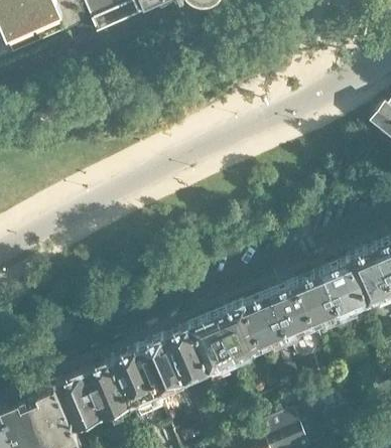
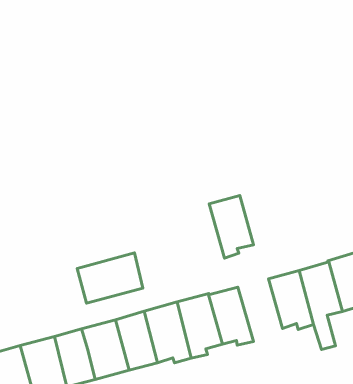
building: none -> [77,253,143,303]
building: [269,281,313,338] -> [209,195,254,258]

